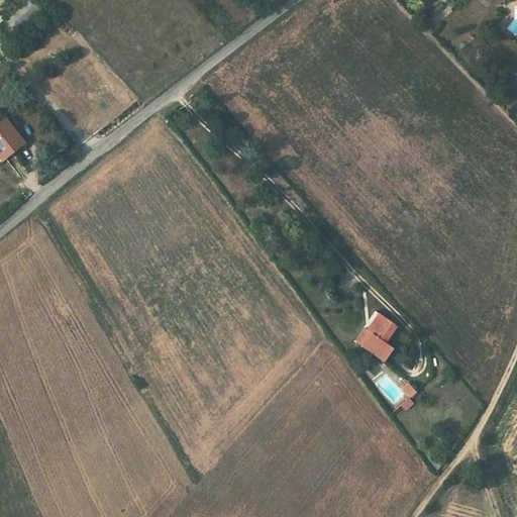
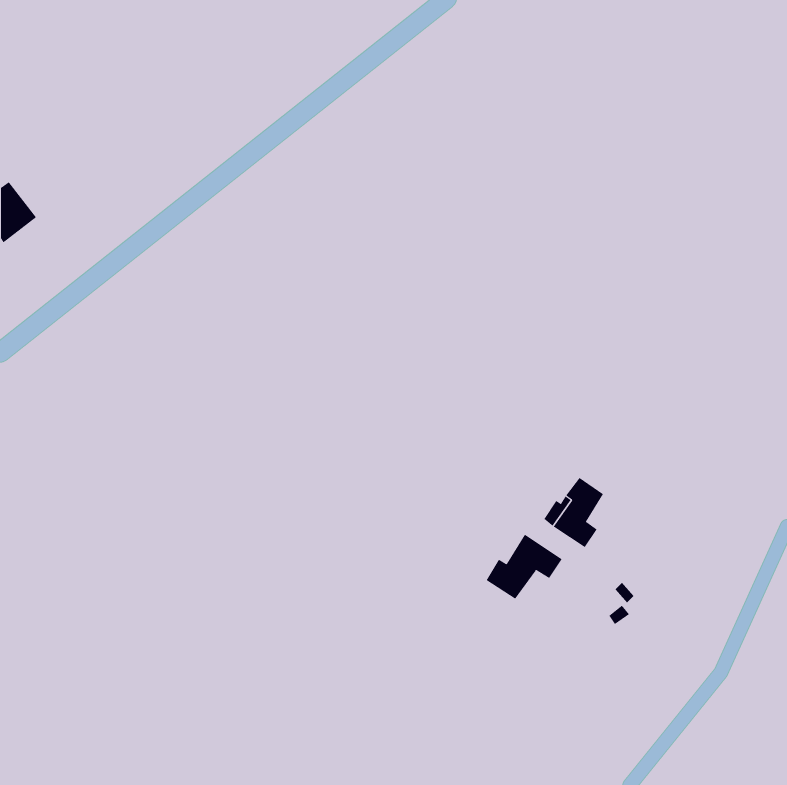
building: none -> [486,534,563,599]

